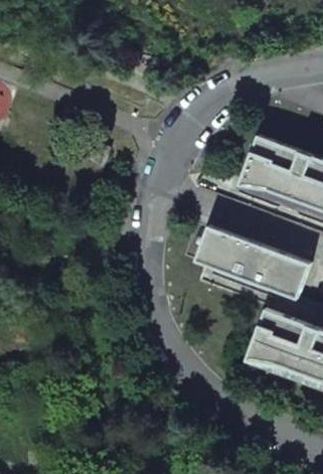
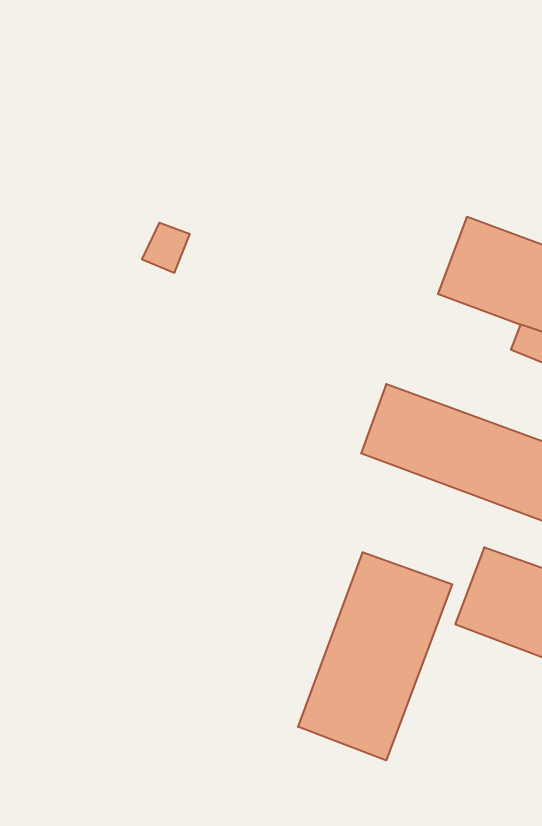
building: none -> [298,552,452,760]

